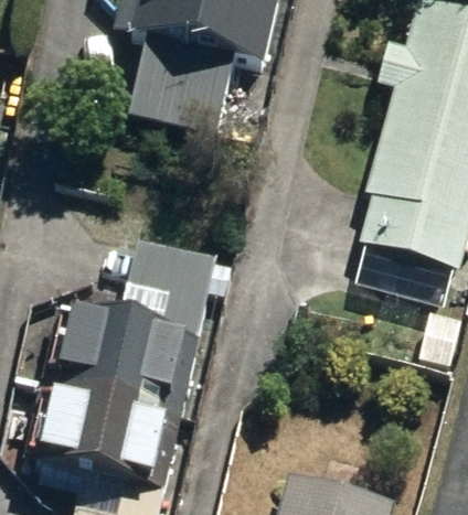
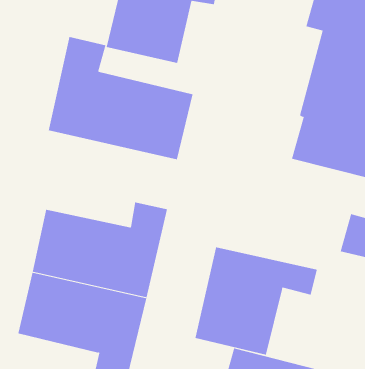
building: none -> [48,36,193,160]
building: none -> [195,246,317,355]

